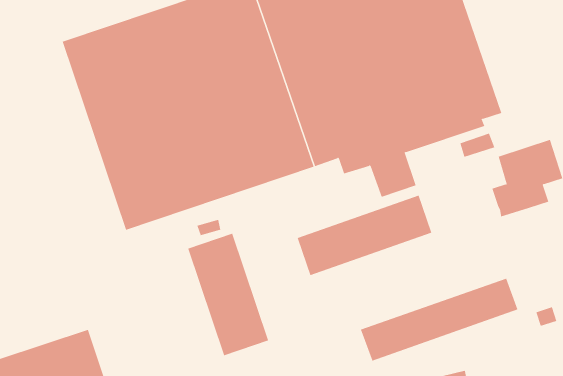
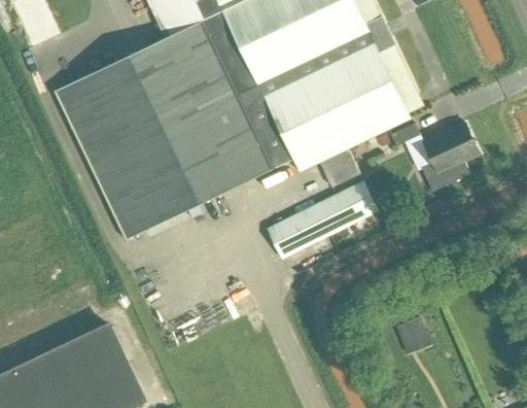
building: [187,233,269,356] -> none
building: [360,278,518,361] -> none

